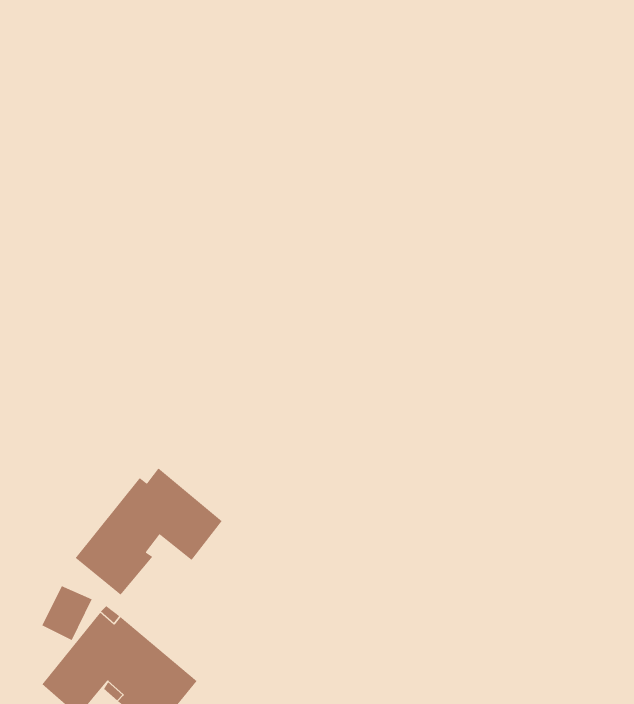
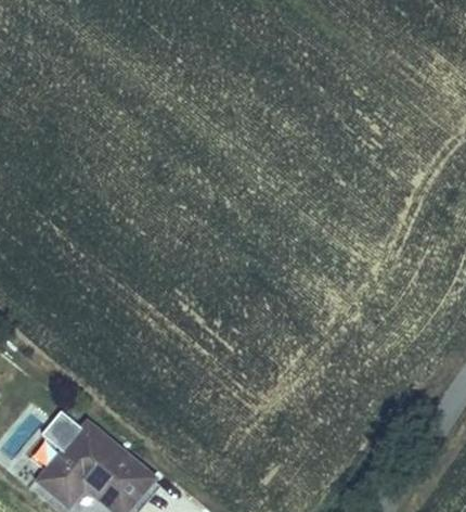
building: [75,467,223,596] -> none

